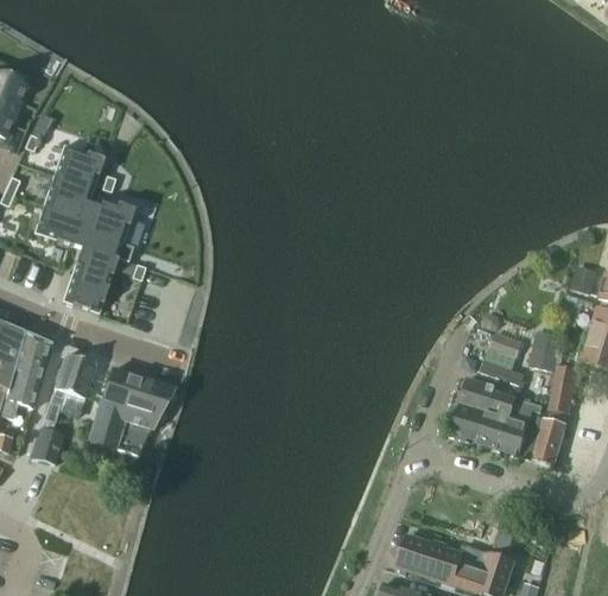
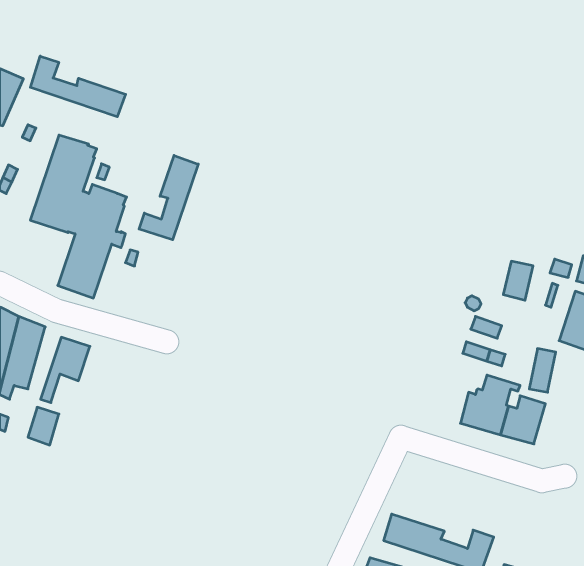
building: none -> [30,56,126,117]
building: none -> [139,155,198,240]
building: [530,330,560,370] -> [503,261,533,300]
building: [88,369,173,454] -> none
building: [449,376,506,443] -> none

